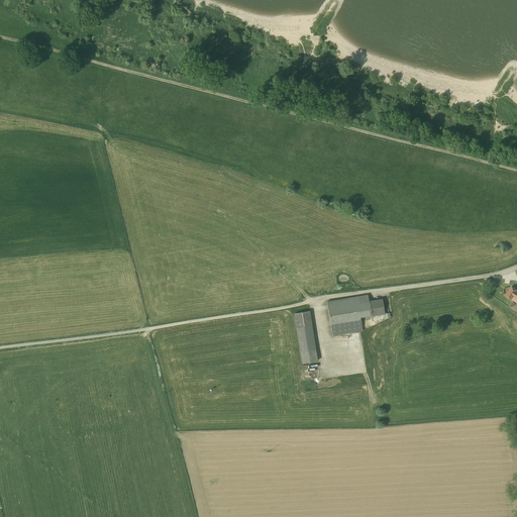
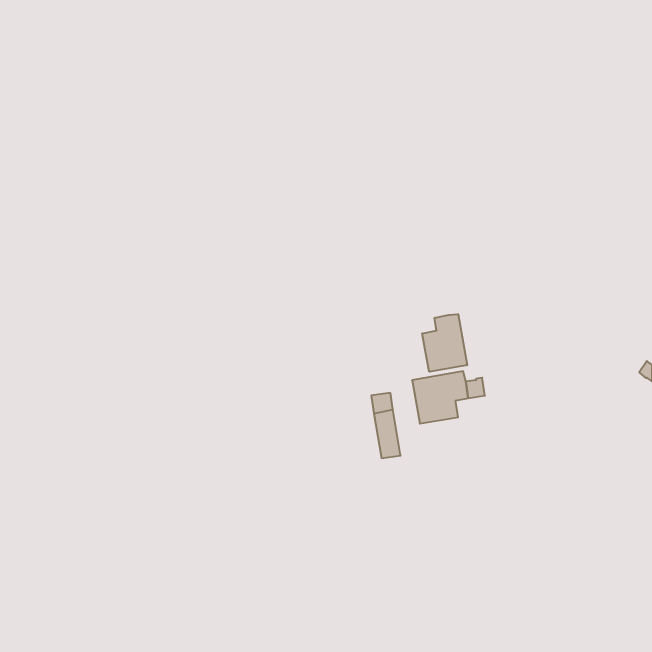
building: none -> [422,314,467,372]

